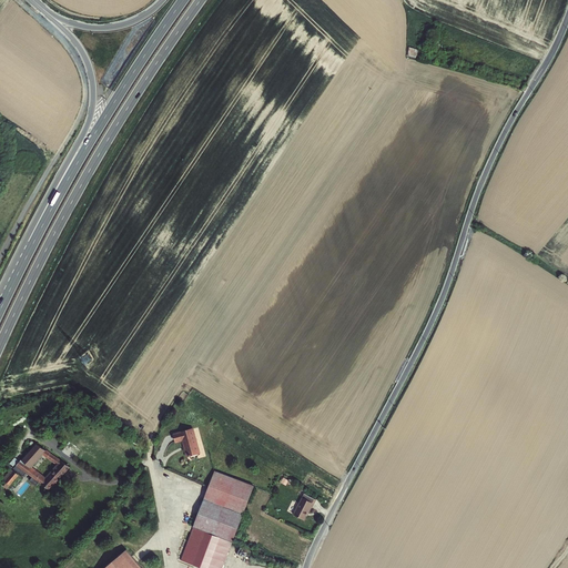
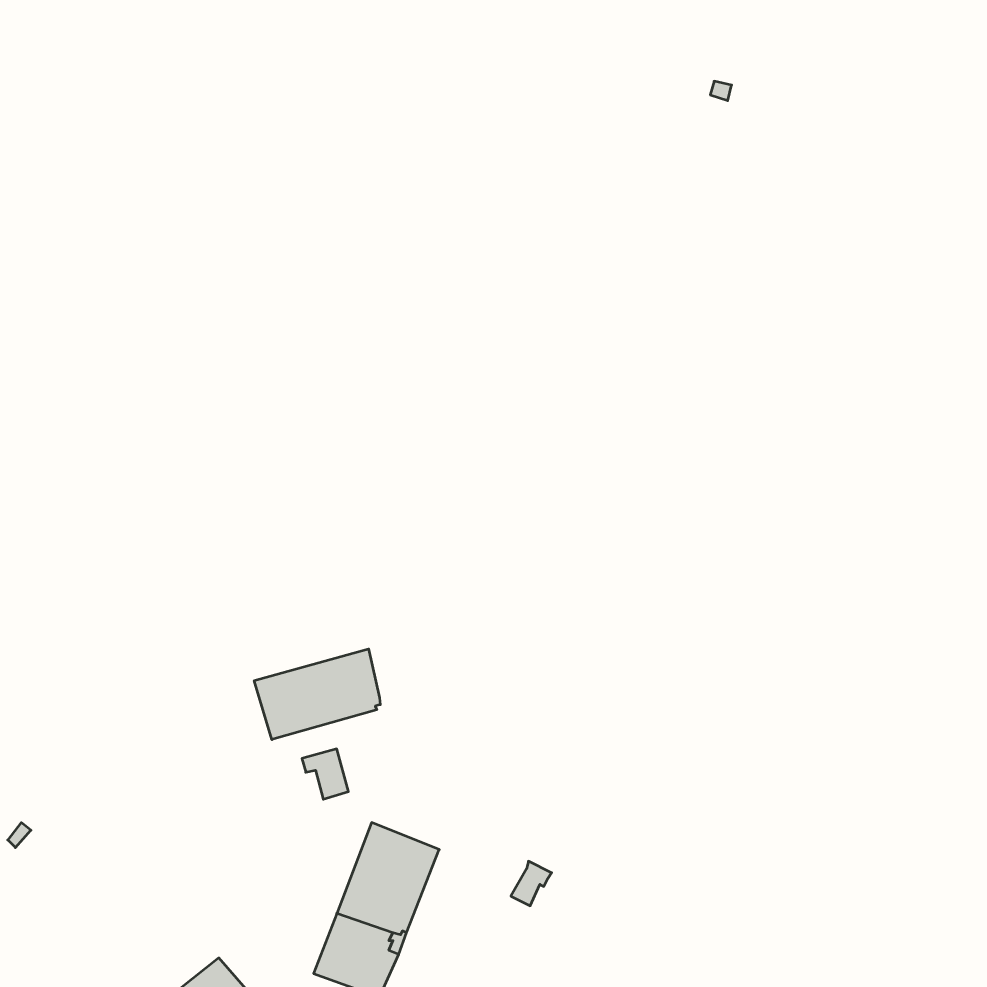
building: none -> [254,649,380,740]
building: [19,445,72,493] -> none

